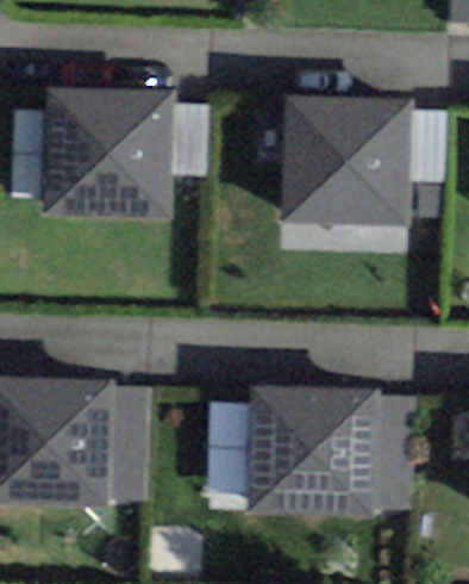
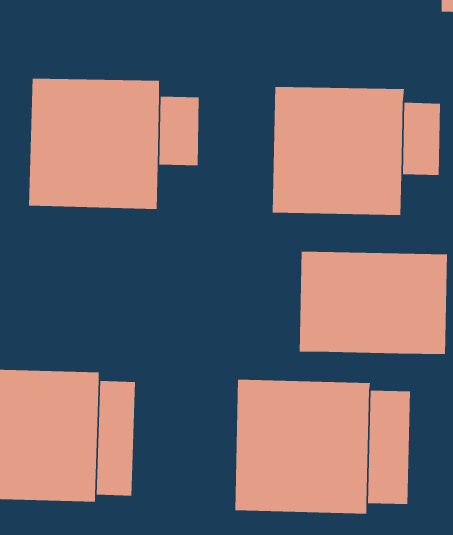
building: none -> [299,251,448,355]

